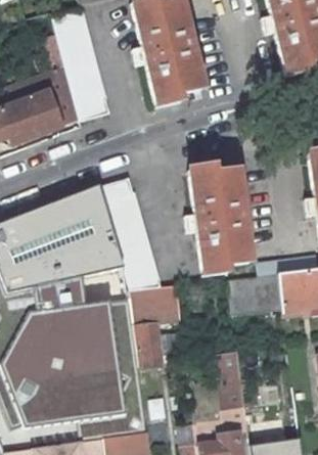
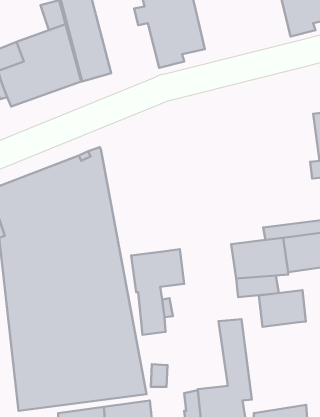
building: [186,165,252,275] -> none
building: [100,179,162,290] -> none
building: none -> [259,290,306,327]

